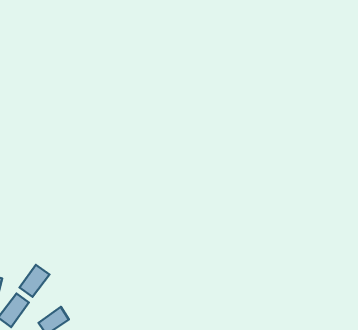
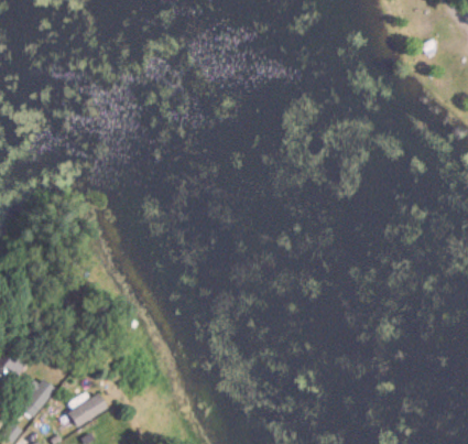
building: [20,265,50,297] -> none

